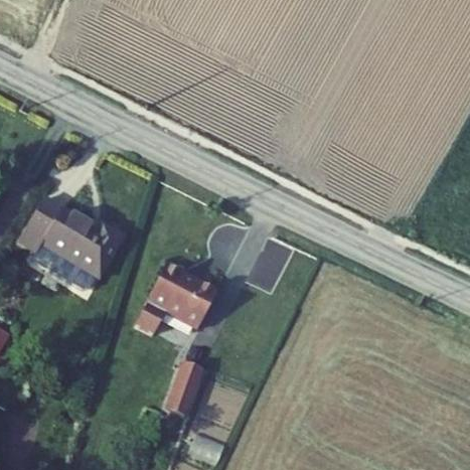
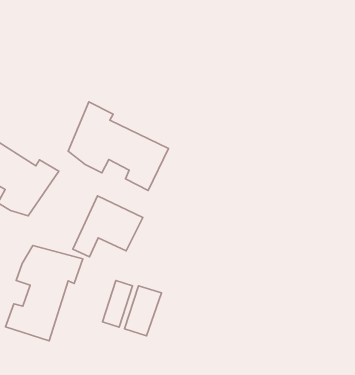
building: none -> [68,102,169,191]
building: none -> [6,245,83,341]

